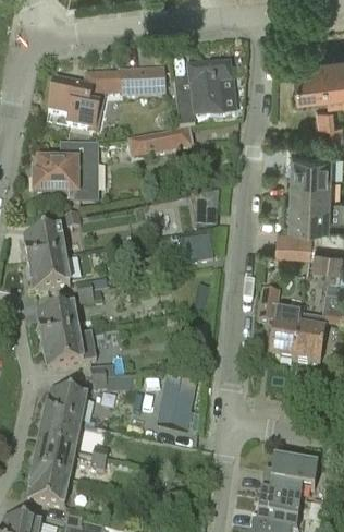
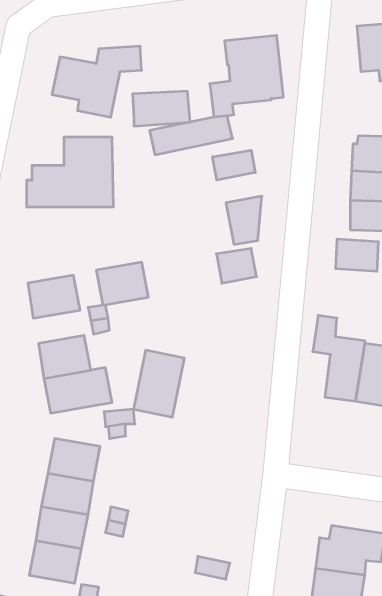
building: [119,66,165,95] -> [133,91,190,126]
building: none -> [213,150,255,180]
building: [22,227,64,262] -> [96,262,148,305]
building: [157,373,198,427] -> [134,350,184,417]

